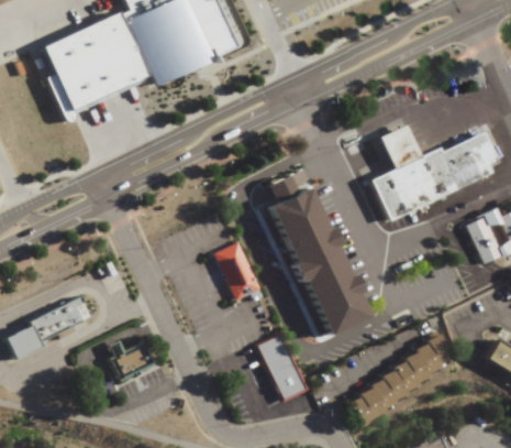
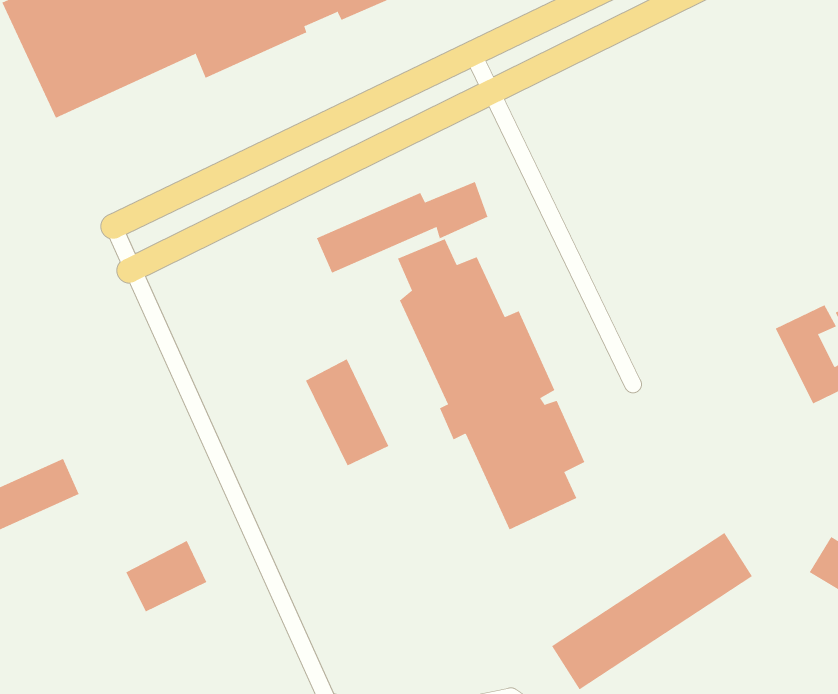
building: [369,127,493,219] -> none
building: none -> [316,181,488,274]
building: [255,335,304,402] -> none

